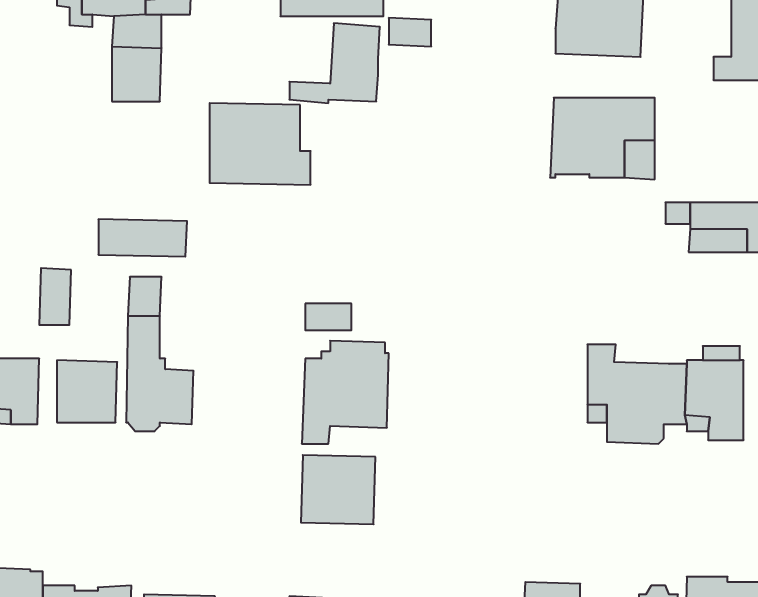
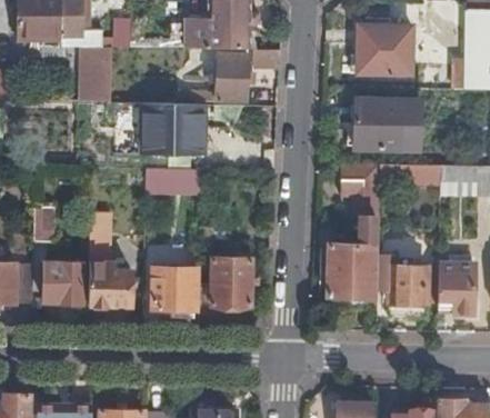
building: none -> [327,163,380,298]
building: [98,219,187,257] -> [147,168,202,191]
building: [301,455,375,524] -> [151,267,198,310]

